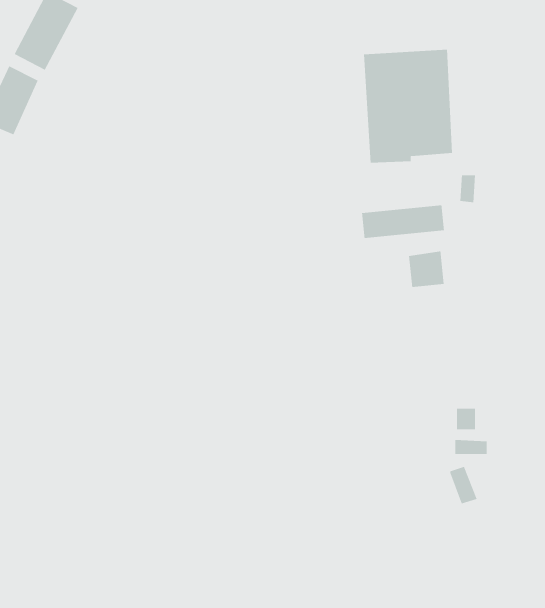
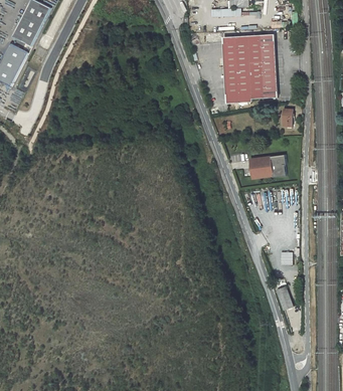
building: [362,204,444,239] -> none

